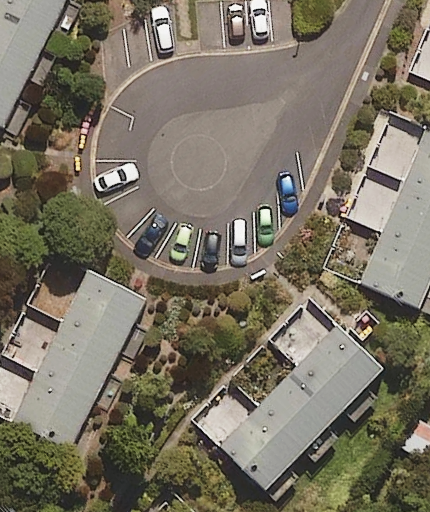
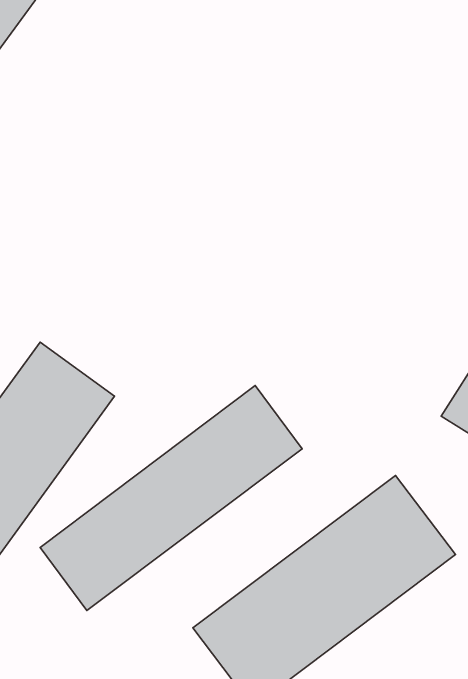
building: none -> [40,386,302,611]

